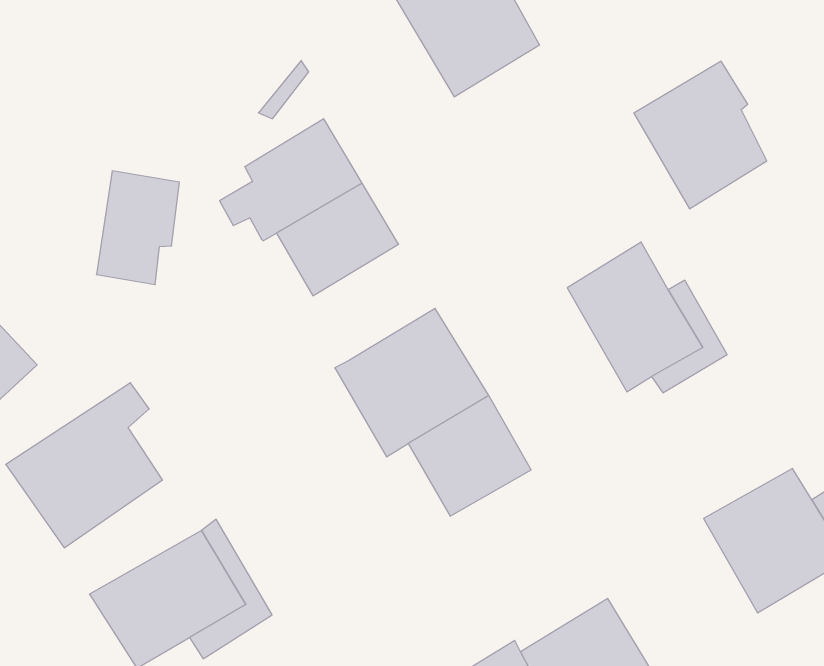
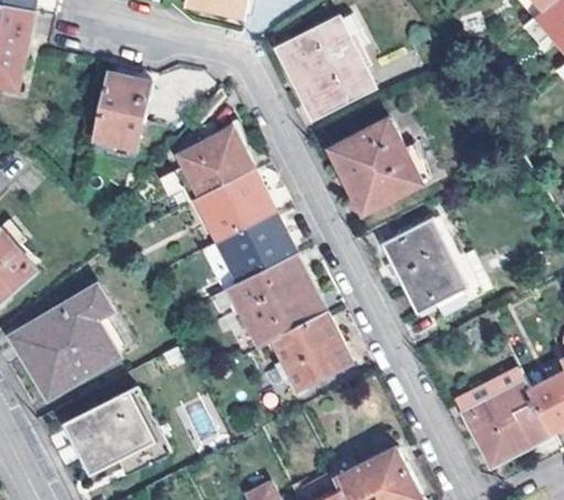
building: [634,61,767,209] -> [333,119,416,213]
building: [96,171,179,285] -> [95,72,152,146]
building: none -> [217,209,295,282]

